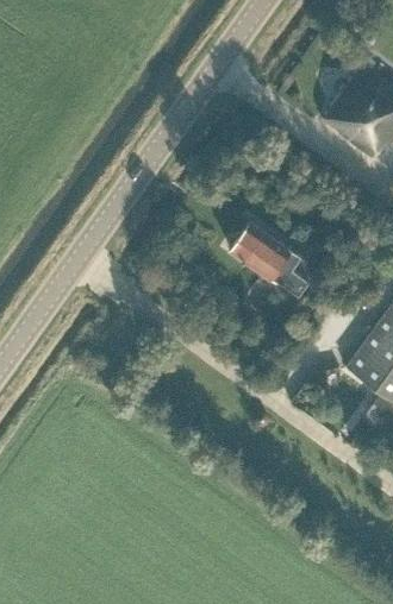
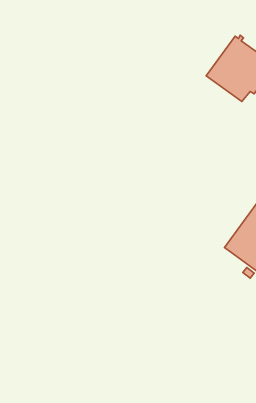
building: [229,224,308,298] -> none

